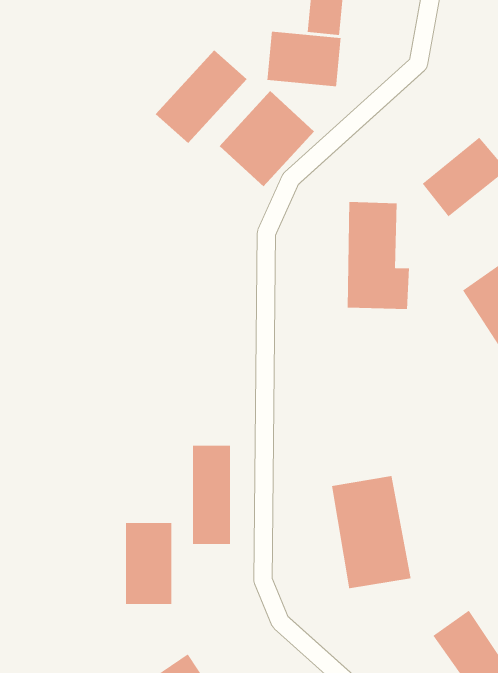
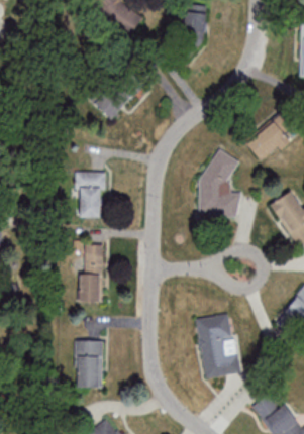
building: [267,31,341,87] -> none
building: [219,90,315,187] -> none
building: none -> [77,172,104,218]
building: [192,445,231,545] -> [80,244,102,302]

